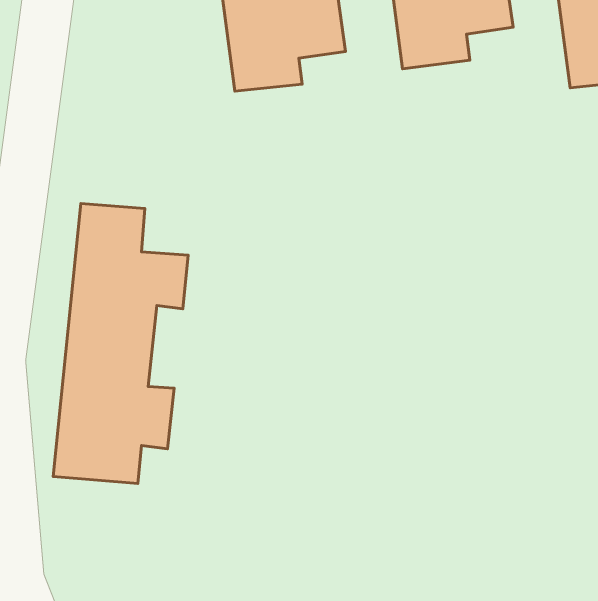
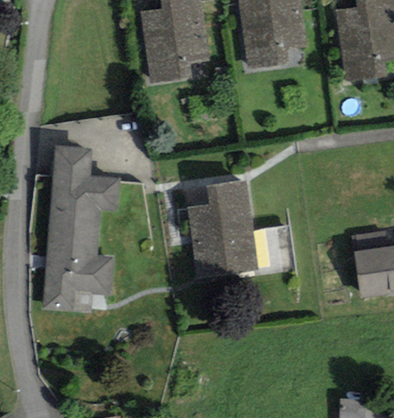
building: none -> [185,174,296,282]

